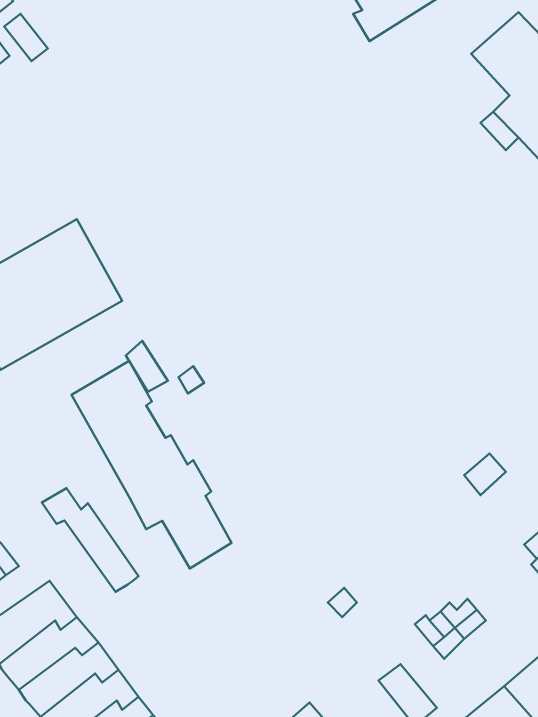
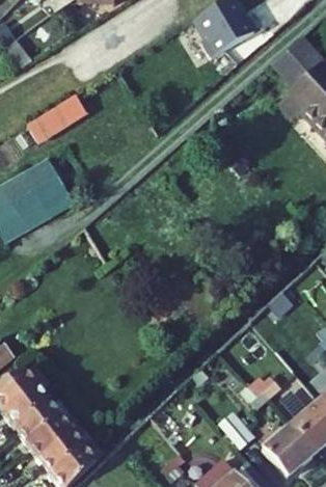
building: none -> [27,87,99,143]
building: [71,361,232,569] -> none
building: [42,488,138,592] -> none

